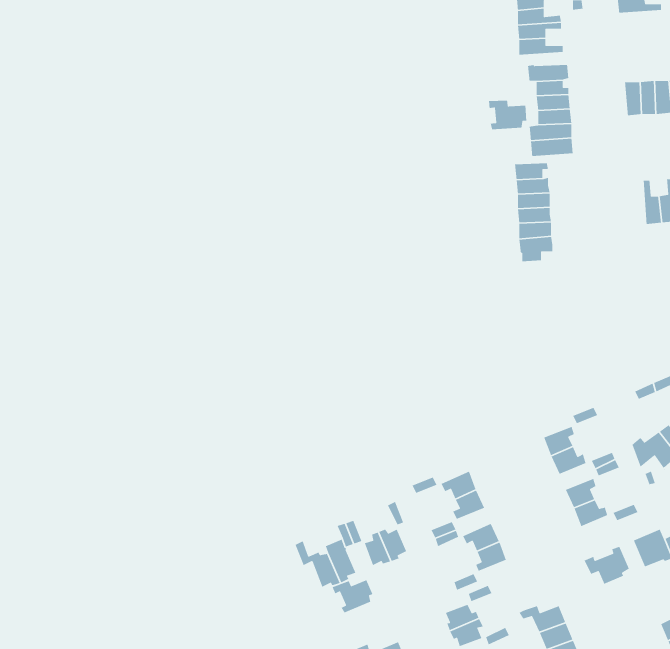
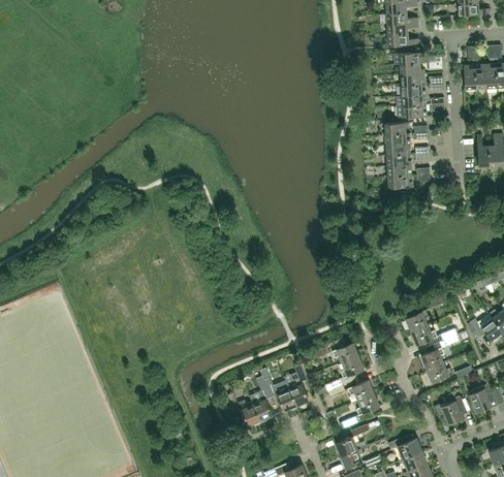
building: [488,100,527,130] -> none
building: [331,579,374,614] -> none

